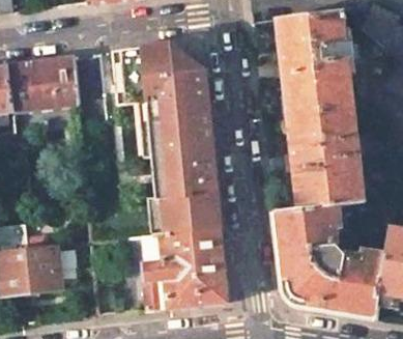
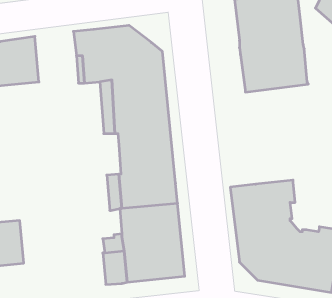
building: [288,106,363,208] -> none

